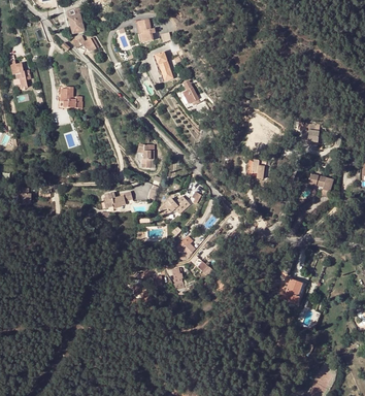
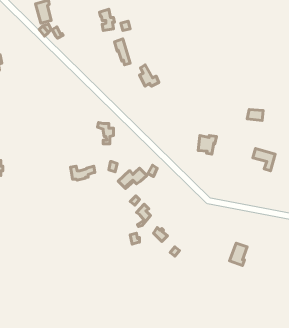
building: [59,87,82,108] -> none

